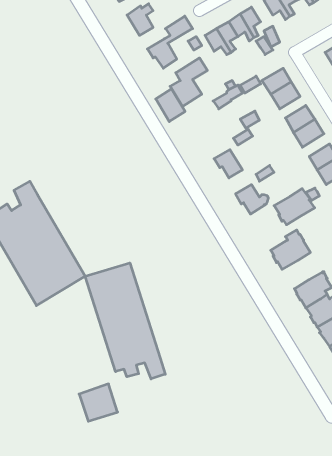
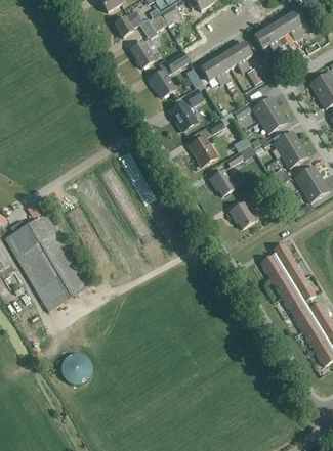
building: [156,89,185,122] -> [190,136,216,166]
building: [274,189,315,225] -> [270,263,307,296]
building: [85,263,165,379] -> none
building: [79,384,118,421] -> [58,350,93,384]

